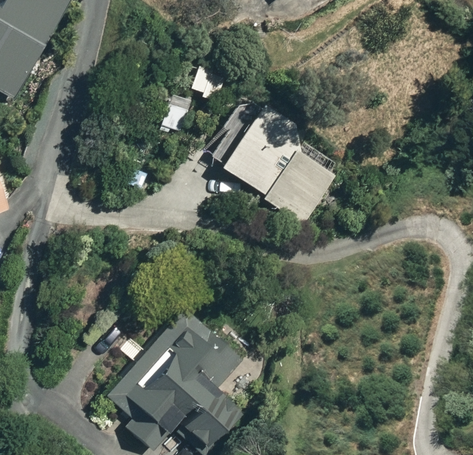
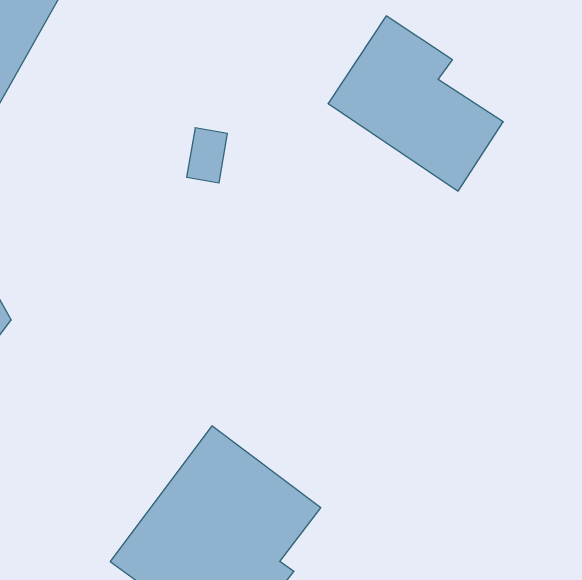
building: [212,98,336,222] -> [328,16,503,191]

